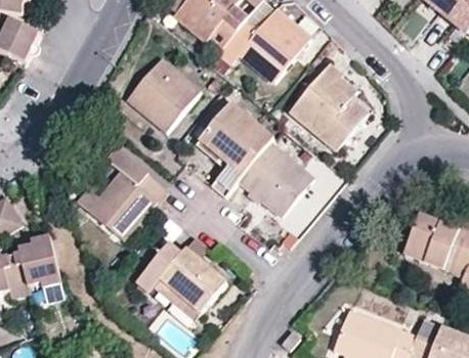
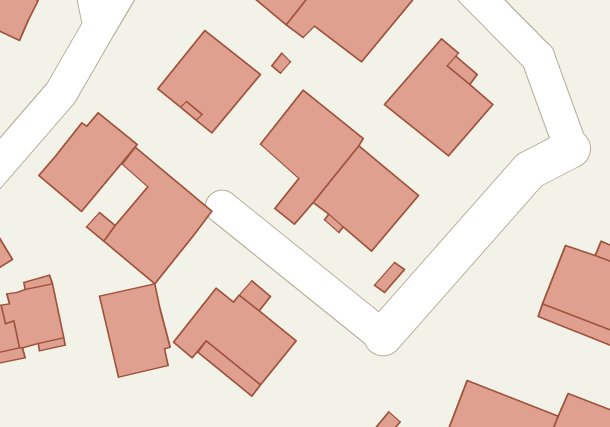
building: none -> [39,113,137,211]
building: none -> [100,284,170,377]

